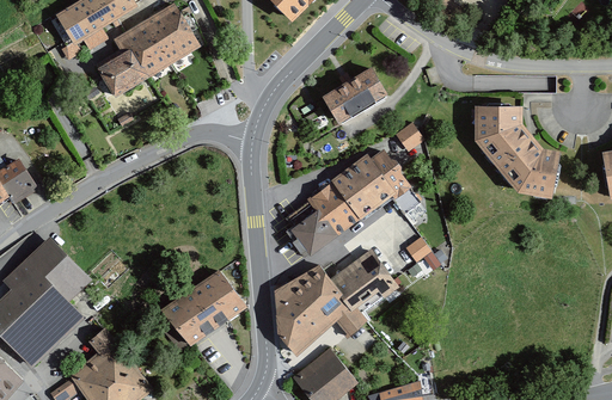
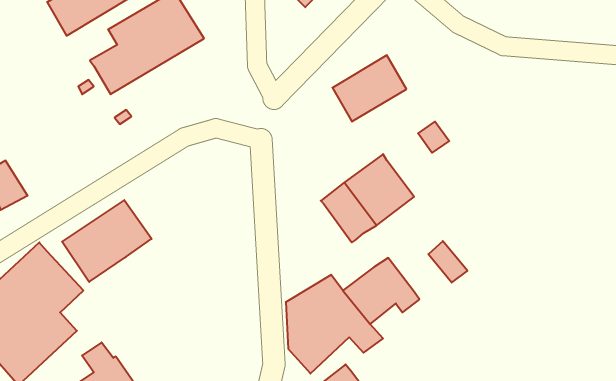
building: [471,105,557,199] -> none
building: [368,152,412,201] -> none
building: [282,199,336,256] -> none
building: [160,270,243,345] -> [62,200,152,282]

